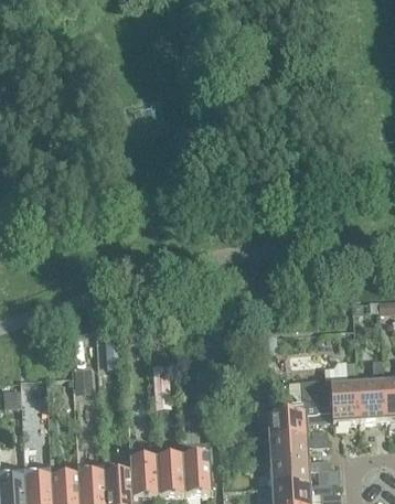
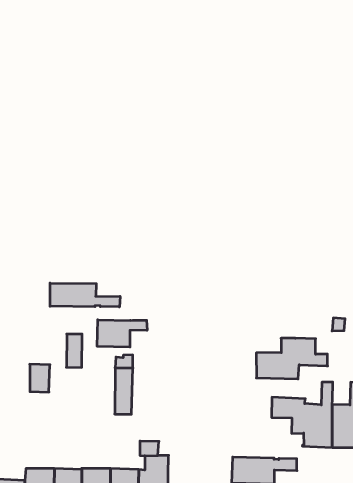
building: none -> [50,283,120,307]
building: none -> [97,320,147,347]
building: [266,395,333,436] -> [256,338,328,379]

